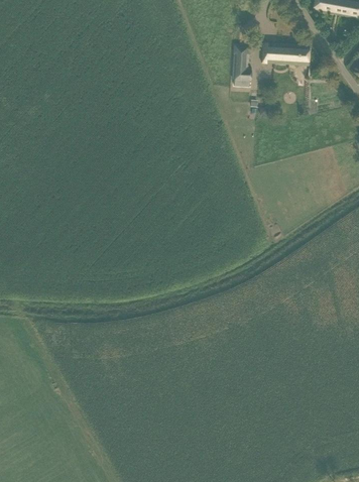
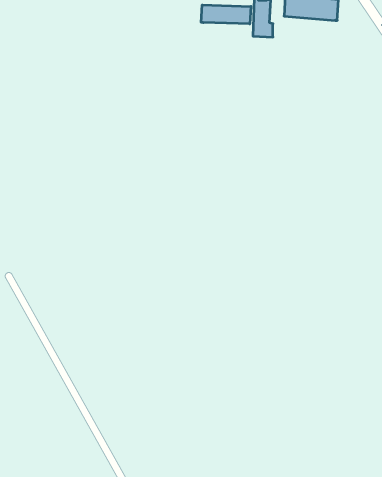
building: none -> [201,5,251,24]

